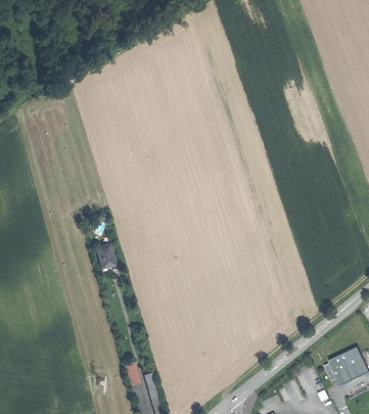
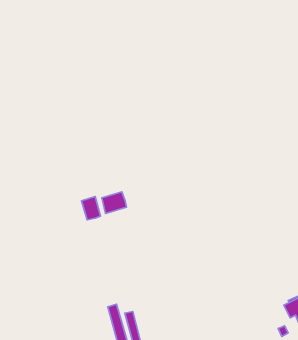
building: none -> [102,192,127,213]

